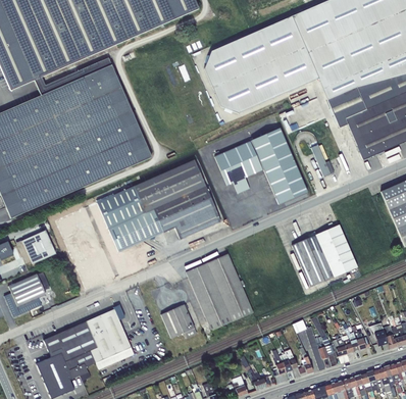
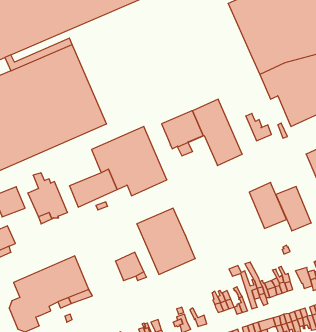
building: [205,17,318,113] -> none
building: [96,186,145,228] -> none
building: [292,235,333,286] -> [276,187,311,231]

